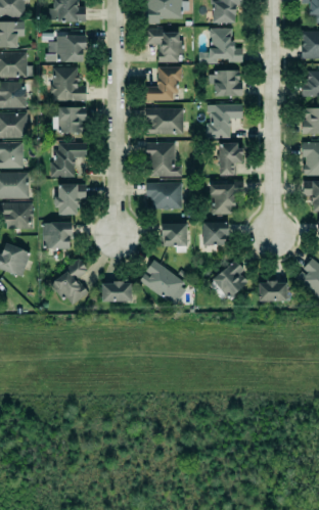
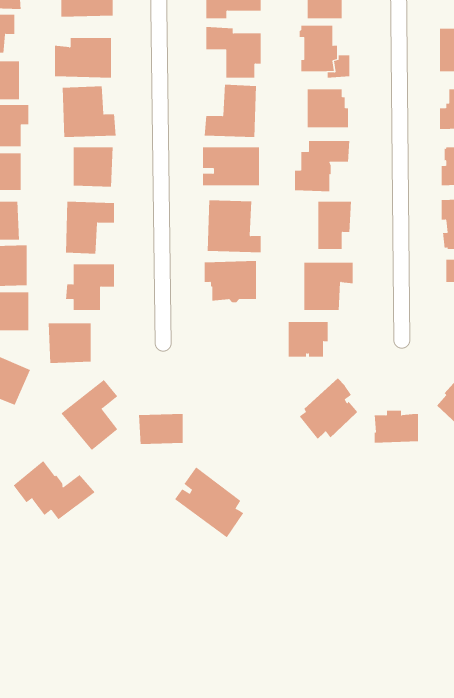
building: [161,222,187,246] -> none
building: [139,259,185,306] -> [174,467,244,538]
building: none -> [13,460,95,520]

